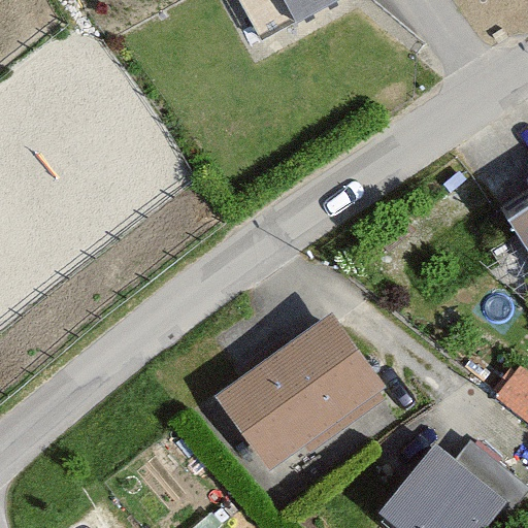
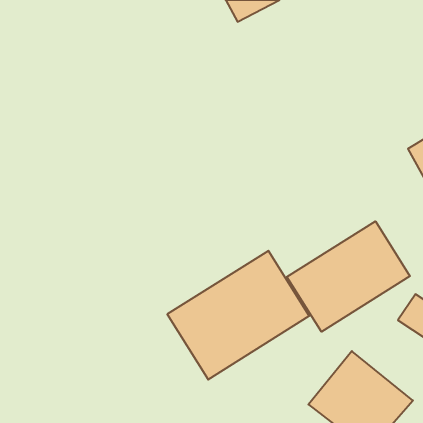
building: none -> [287,221,410,332]

